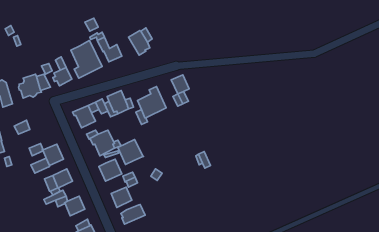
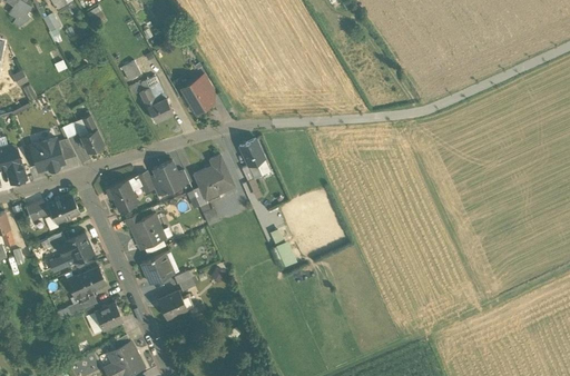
building: [71,40,102,78] -> none
building: none -> [48,194,79,221]
building: [118,140,143,165] -> none
building: [121,204,145,224] -> none

